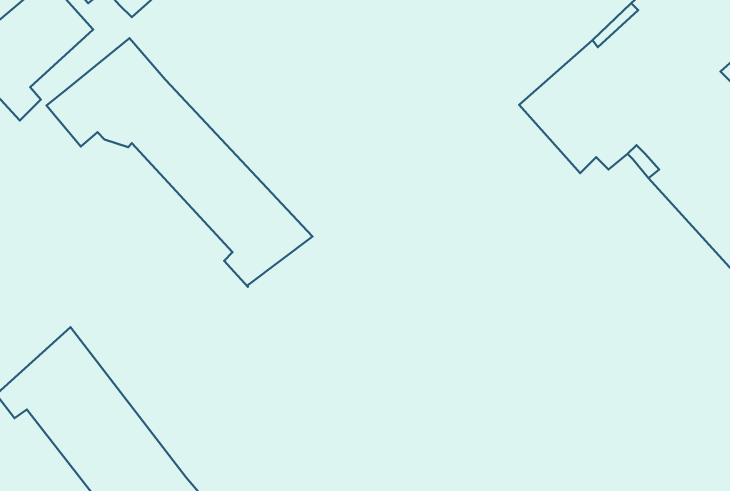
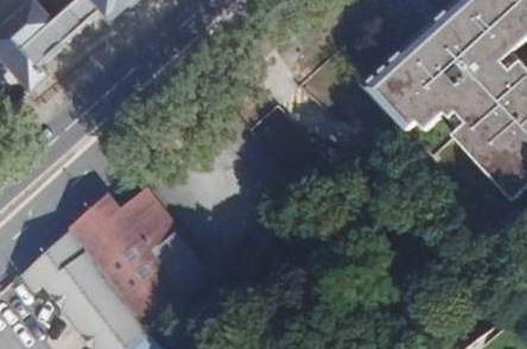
building: [46,38,312,287] -> none
building: none -> [66,192,207,332]

